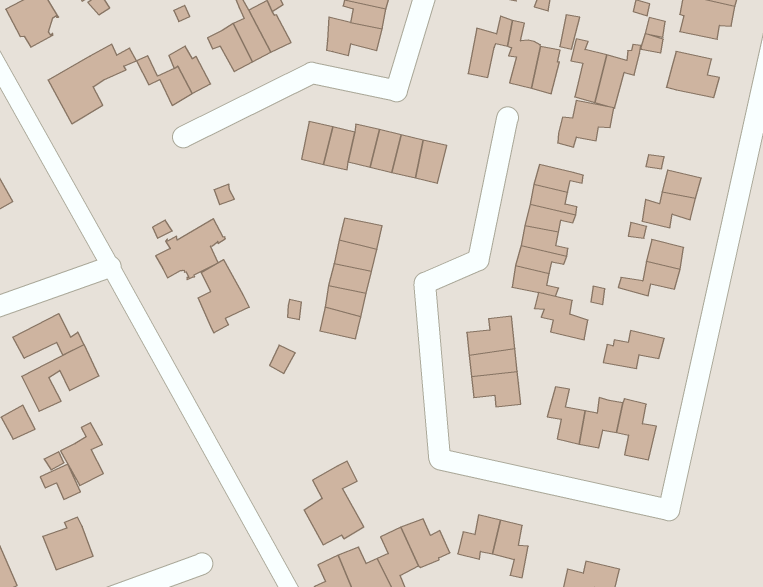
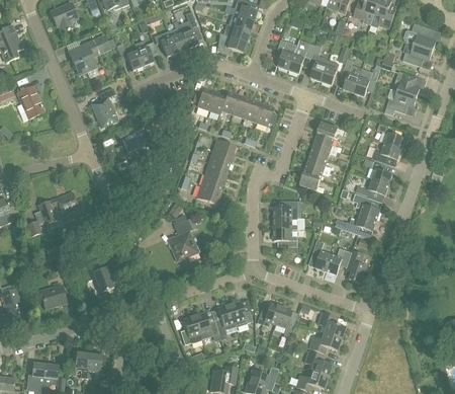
building: none -> [276,38,296,70]
building: [558,100,614,147] -> [384,90,416,114]
building: none -> [90,86,116,127]
building: [198,260,249,333] -> none
building: [534,292,588,340] -> [352,192,379,220]
building: [13,314,84,358] -> none
building: [61,423,103,486] -> [91,258,113,291]
building: [304,461,364,545] -> [167,216,197,258]
building: none -> [317,311,344,338]

